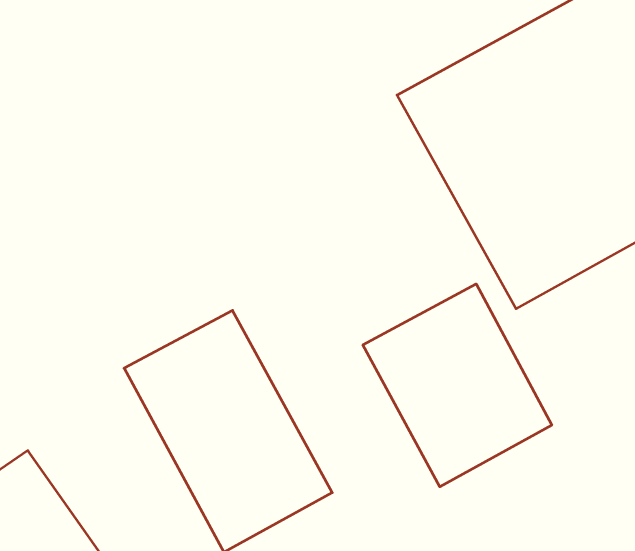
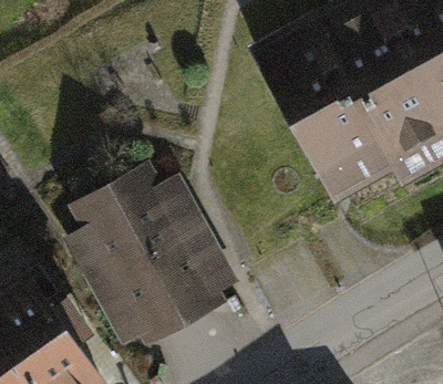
building: [363,284,552,487] -> none

